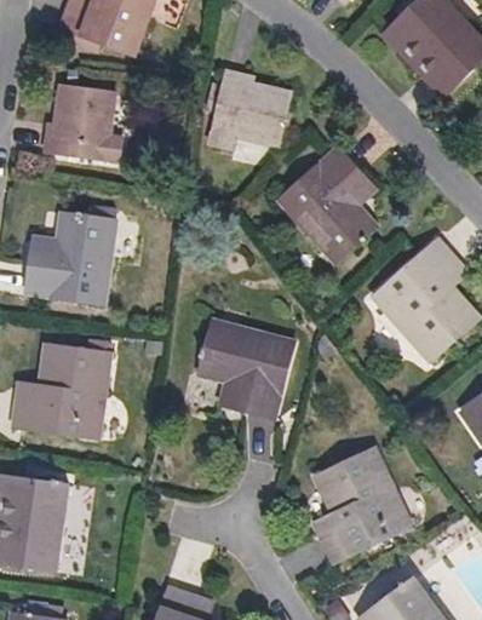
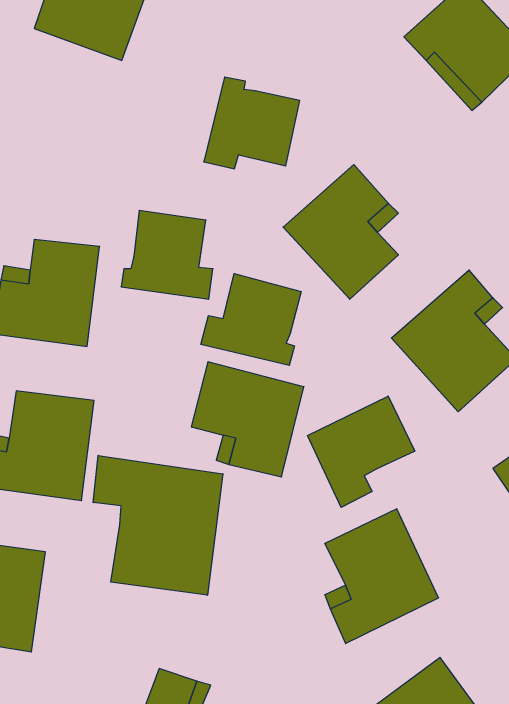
building: [42,84,122,161] -> [121,210,213,299]
building: none -> [201,274,301,365]
building: none -> [308,396,415,507]
building: none -> [93,455,223,595]

